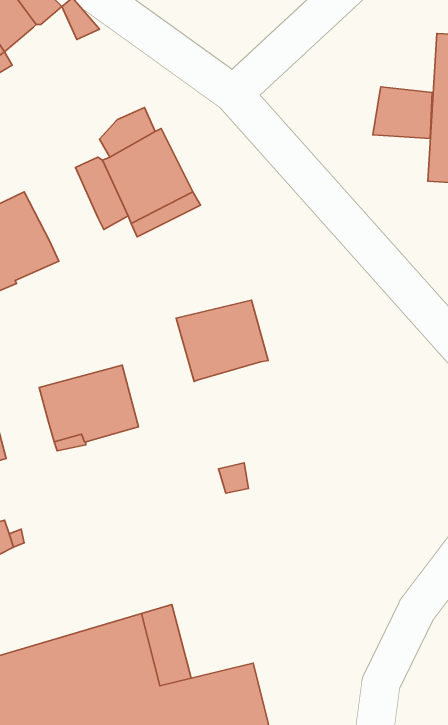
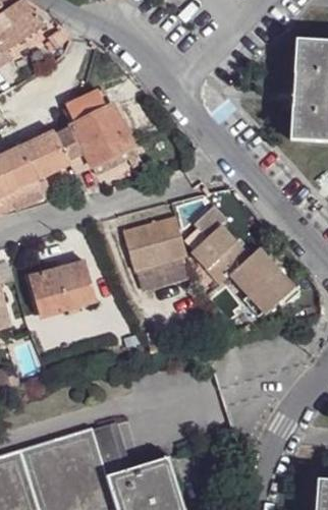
building: [373,87,432,138] -> none
building: none -> [18,128,68,178]
building: none -> [187,208,289,318]
building: none -> [135,260,183,292]

